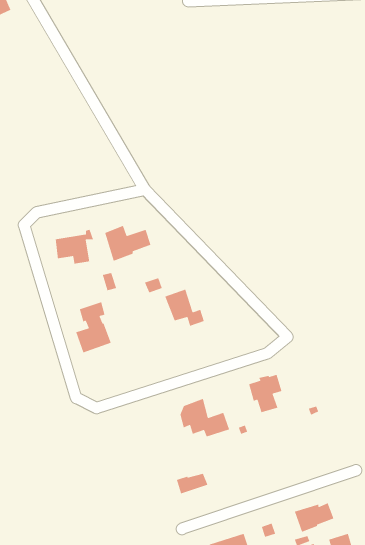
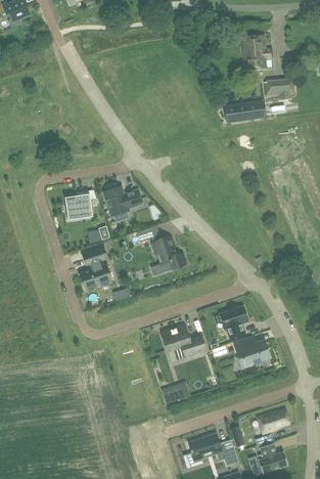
building: none -> [242,35,273,69]
building: none -> [264,79,294,98]
building: none -> [225,101,260,120]
building: none -> [234,336,269,364]

